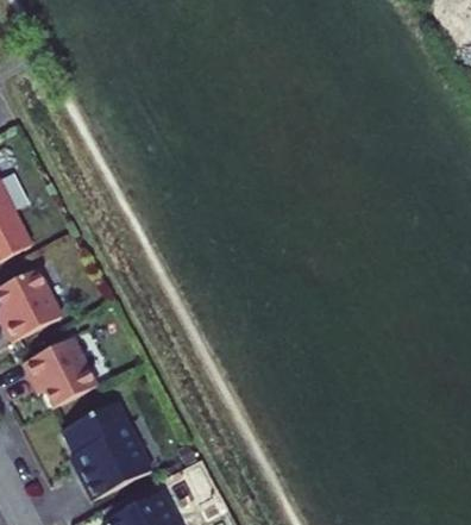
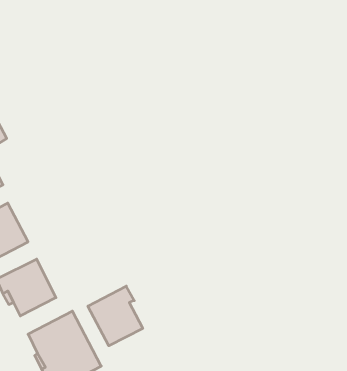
building: none -> [88,286,143,346]

